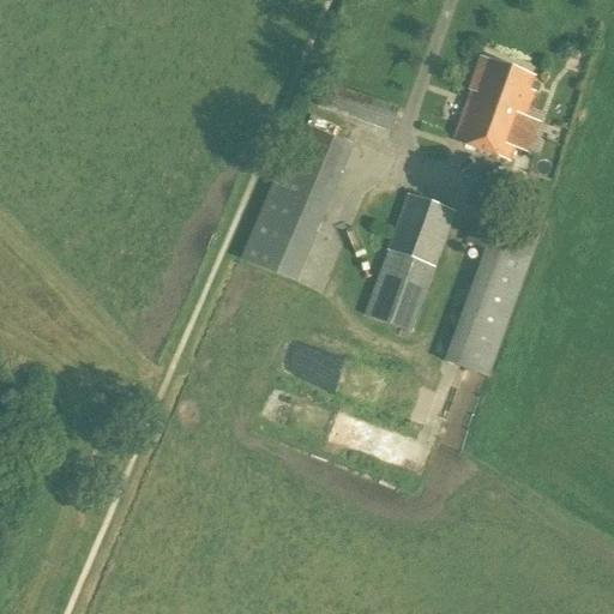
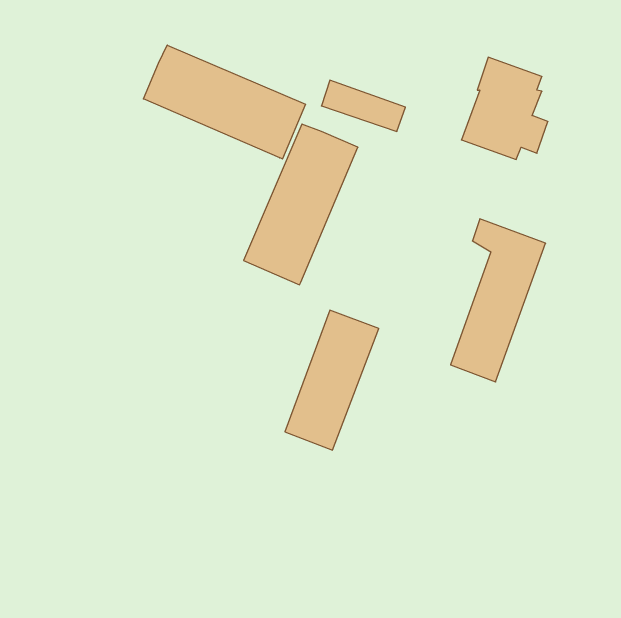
building: none -> [143,45,305,159]
building: [365,192,457,330] -> [285,310,379,450]

